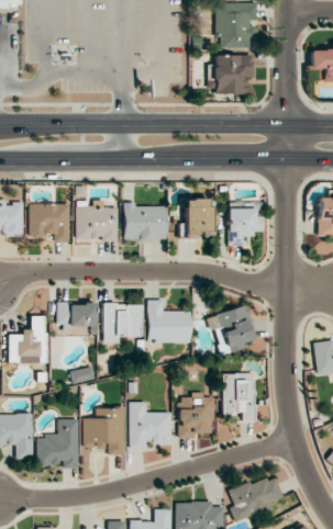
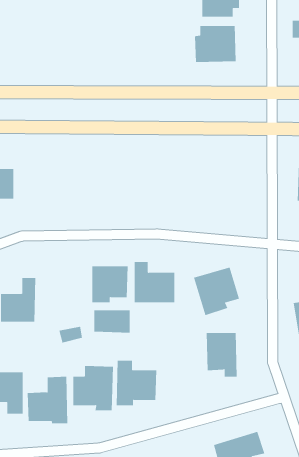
building: [186,199,211,237] -> none
building: [75,200,119,240] -> none
building: [29,203,69,241] -> none
building: [123,204,166,240] -> none
building: [227,206,263,246] -> none
building: [57,303,96,327] -> [93,310,130,333]
building: [178,396,214,439] -> none

